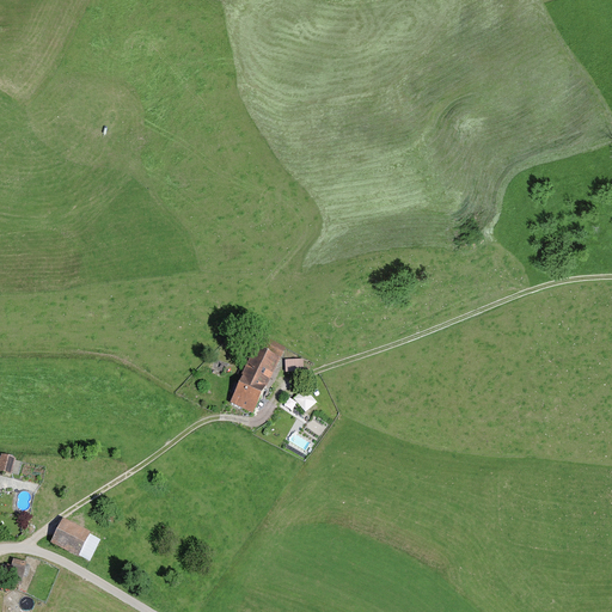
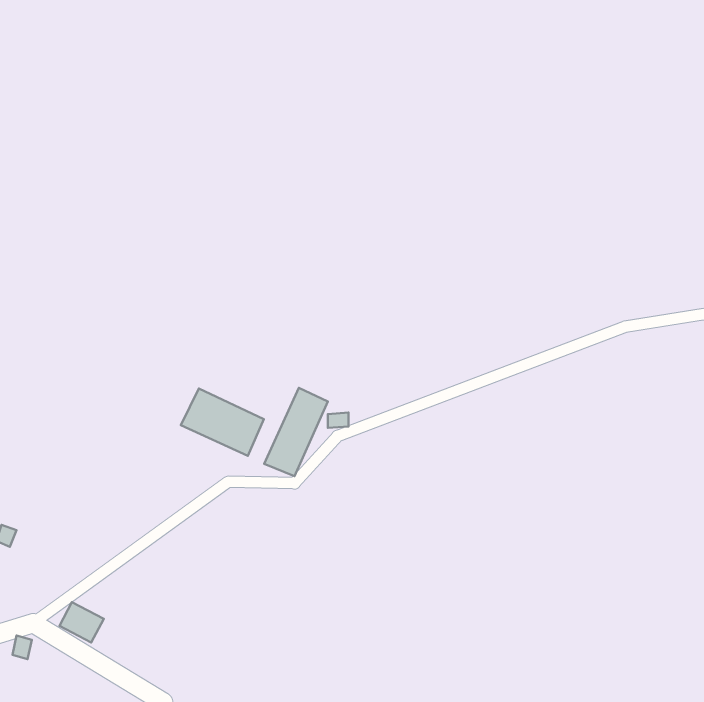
building: none -> [181,388,264,456]

